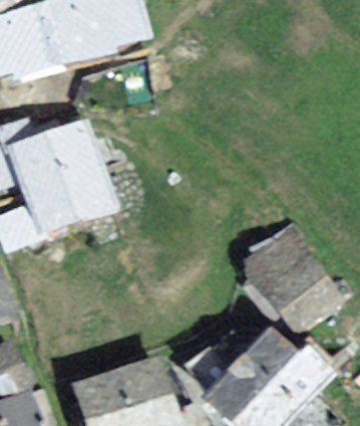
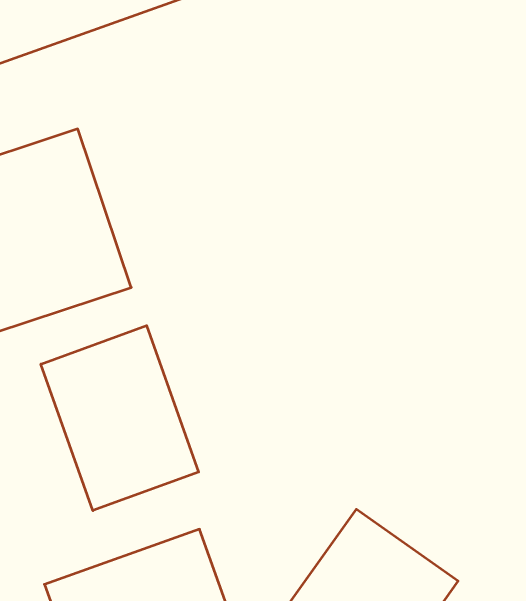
building: none -> [41,326,199,511]
building: [250,236,341,332] -> none

